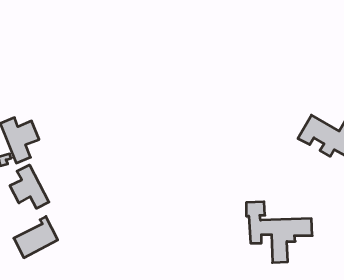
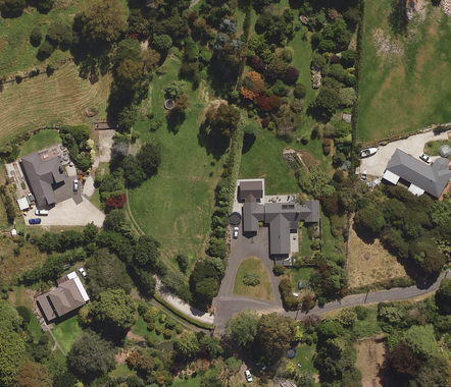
building: [10,165,49,208] -> none
building: [246,202,312,263] -> [240,180,319,254]

